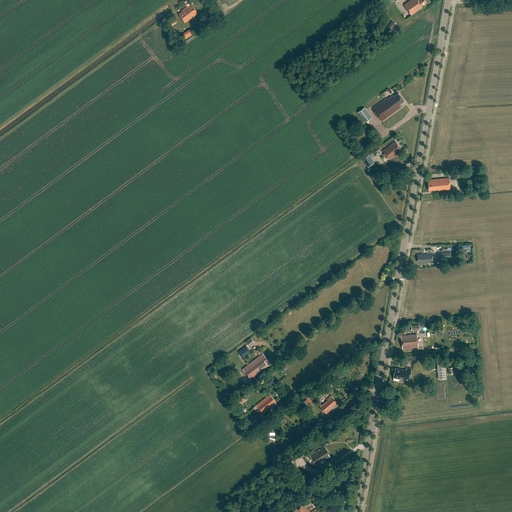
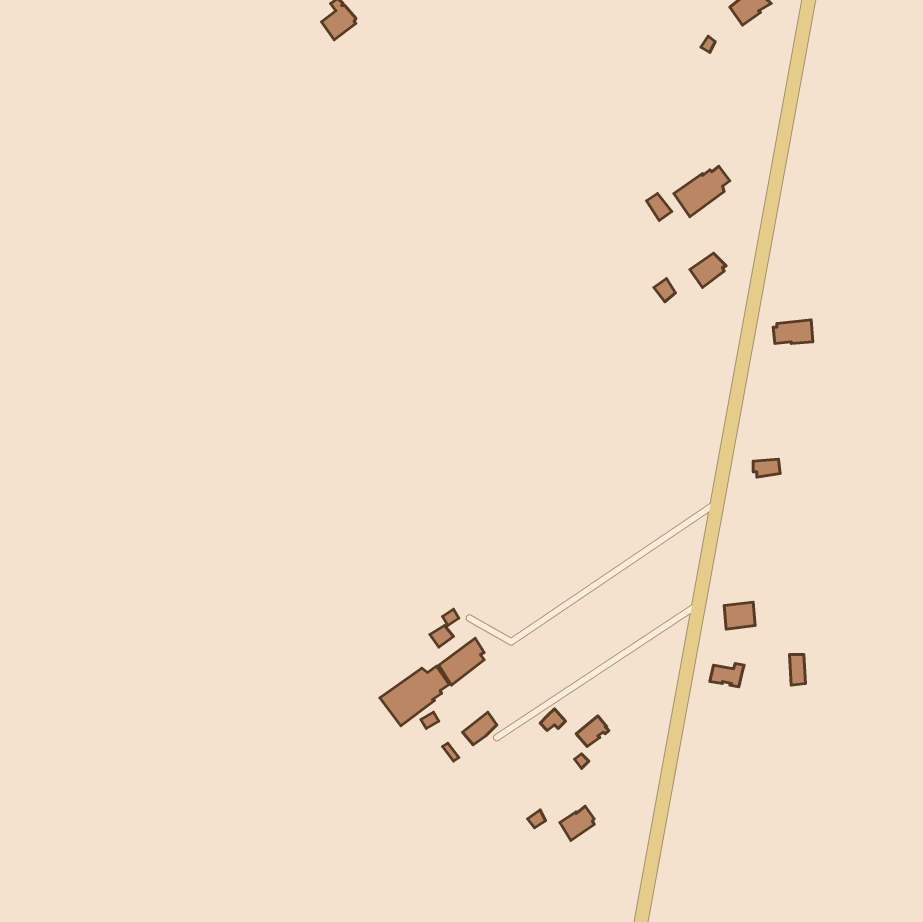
building: none -> [380,666,449,726]

